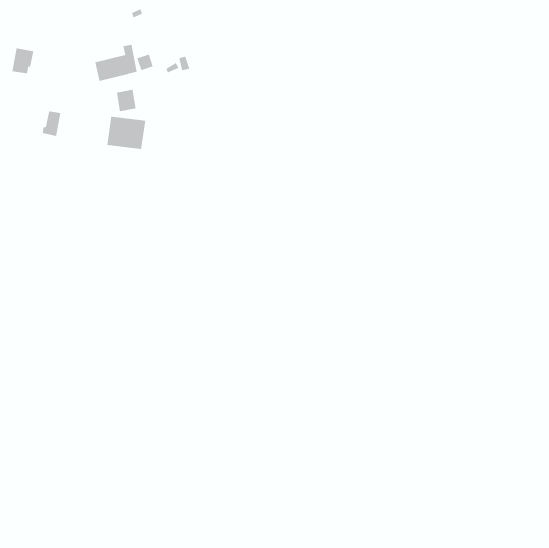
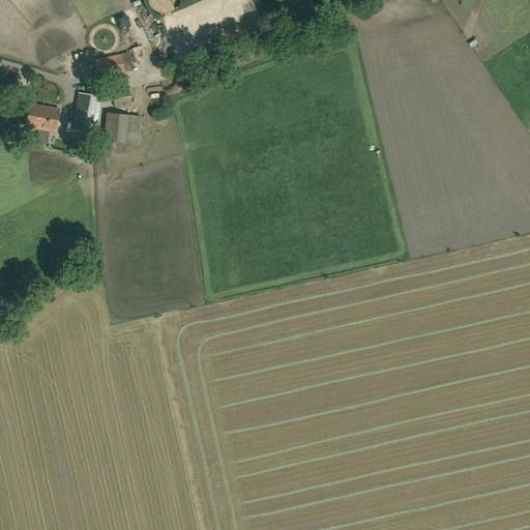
building: [12,48,34,74] -> [25,104,47,128]
building: none -> [72,92,100,132]

